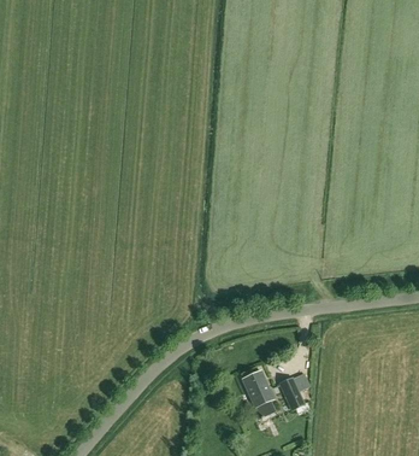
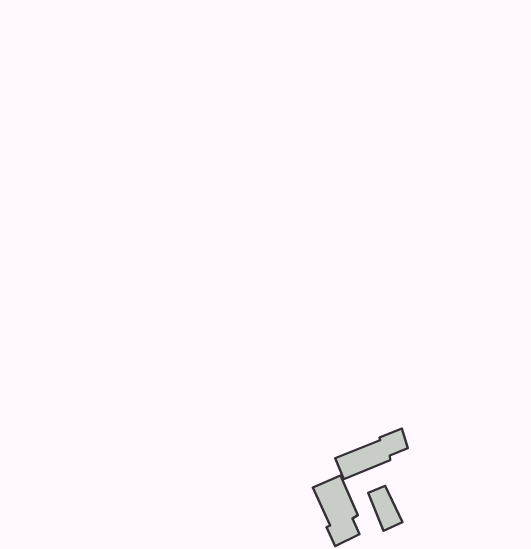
building: none -> [335,429,408,479]

